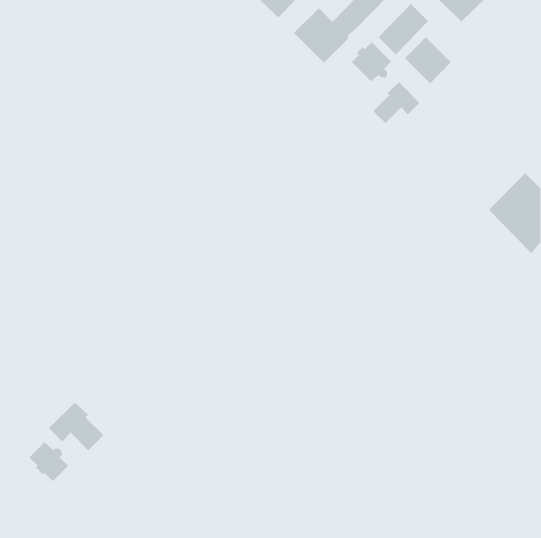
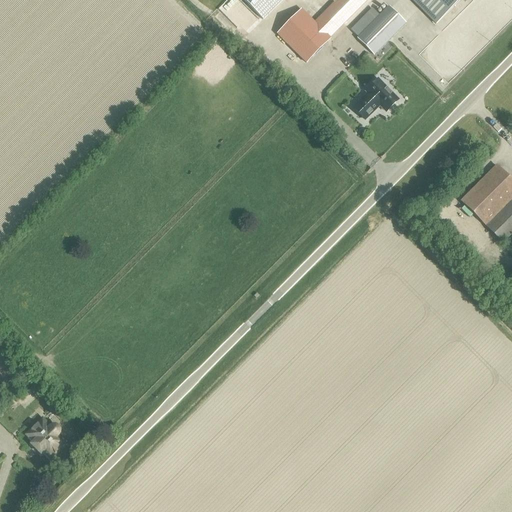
building: [404,36,452,84] -> none
building: [351,41,392,82] -> none
building: [48,402,104,451] -> none

